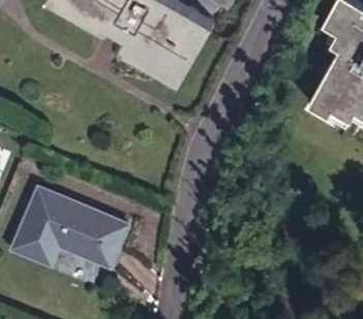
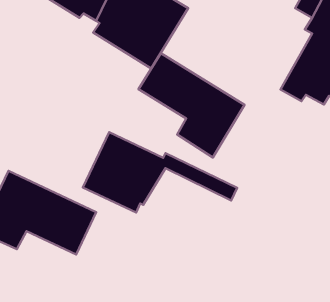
building: none -> [139,53,245,158]
building: none -> [83,132,237,213]

